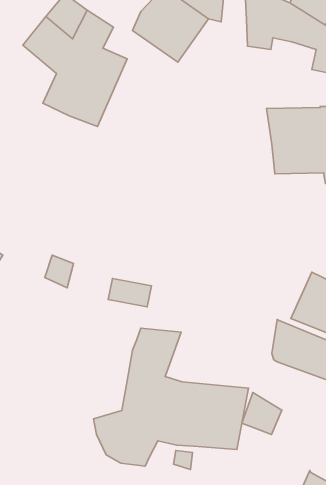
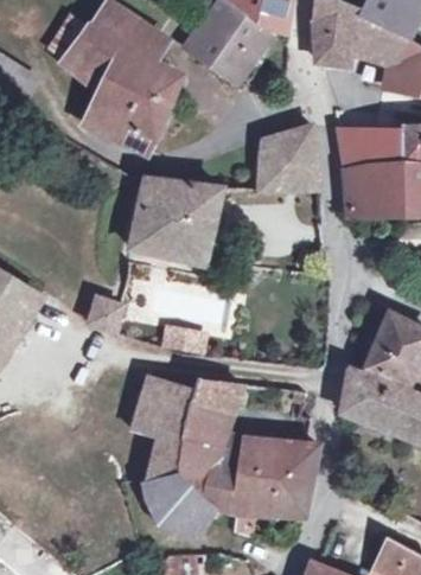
building: none -> [256,124,318,187]
building: none -> [128,179,218,262]
building: none -> [132,373,191,436]
building: [242,392,282,434] -> none

